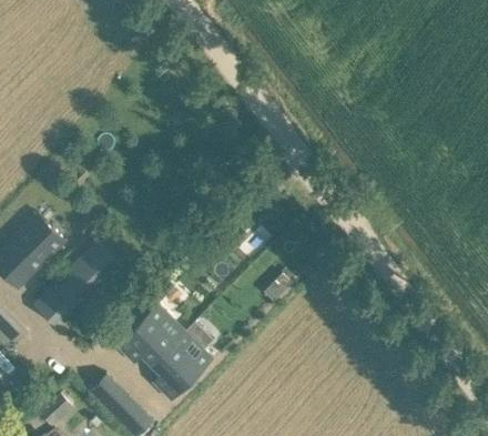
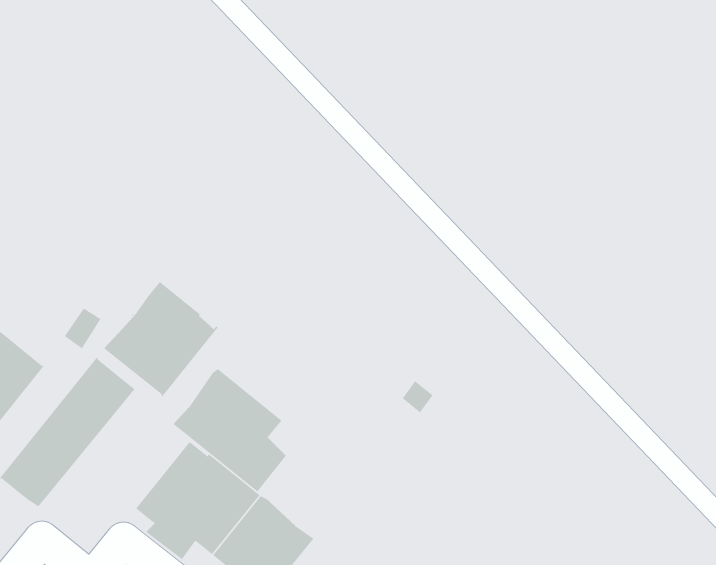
building: none -> [103,281,219,398]
building: none -> [173,368,287,493]

